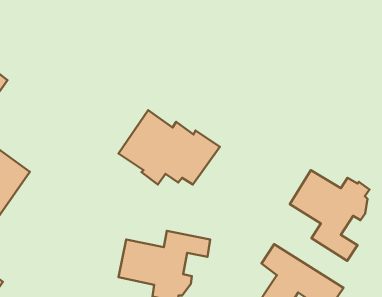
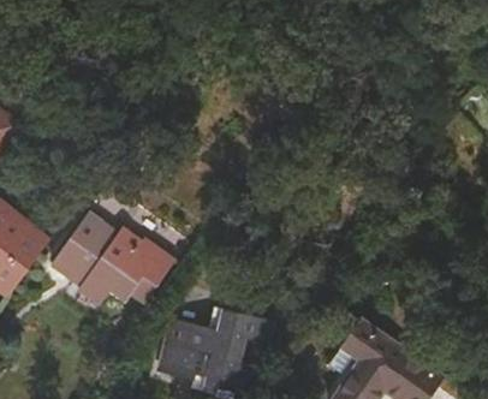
building: [118,110,220,185] -> [52,209,178,302]
building: [290,170,370,261] -> none

